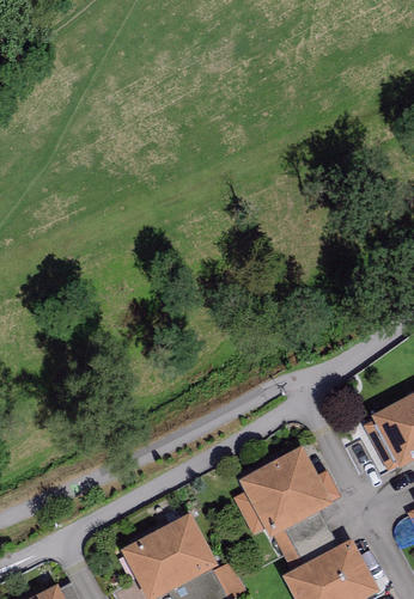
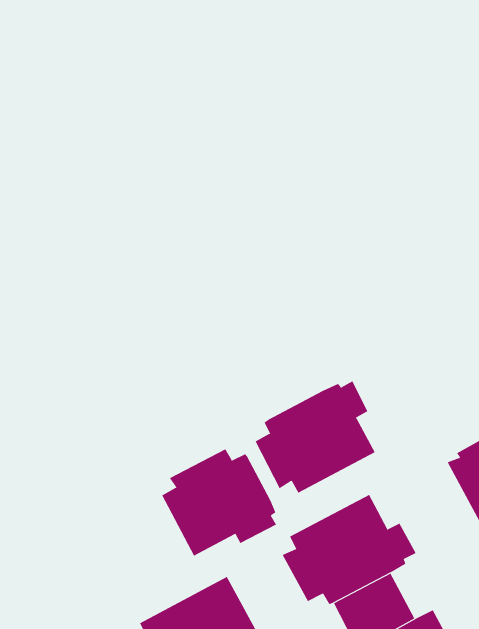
building: none -> [255,381,375,493]
building: none -> [161,449,277,557]

